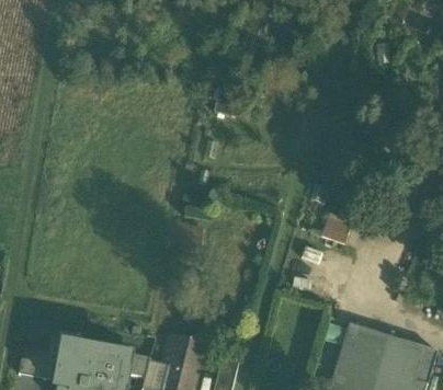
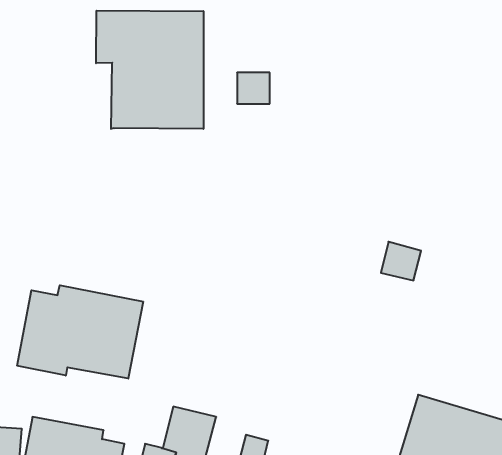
building: none -> [96,11,203,129]
building: none -> [17,285,143,379]

